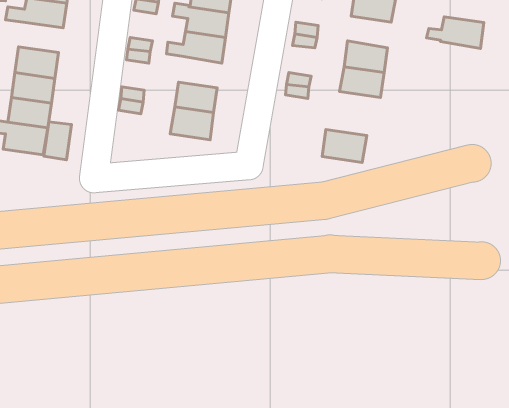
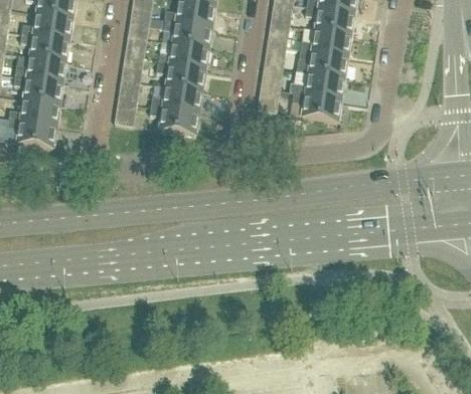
building: [426,17,484,49] -> [299,27,348,54]
building: none -> [29,32,67,58]
building: none -> [166,61,203,88]
building: [44,122,72,160] -> none
building: [322,129,367,162] -> [301,91,339,120]

